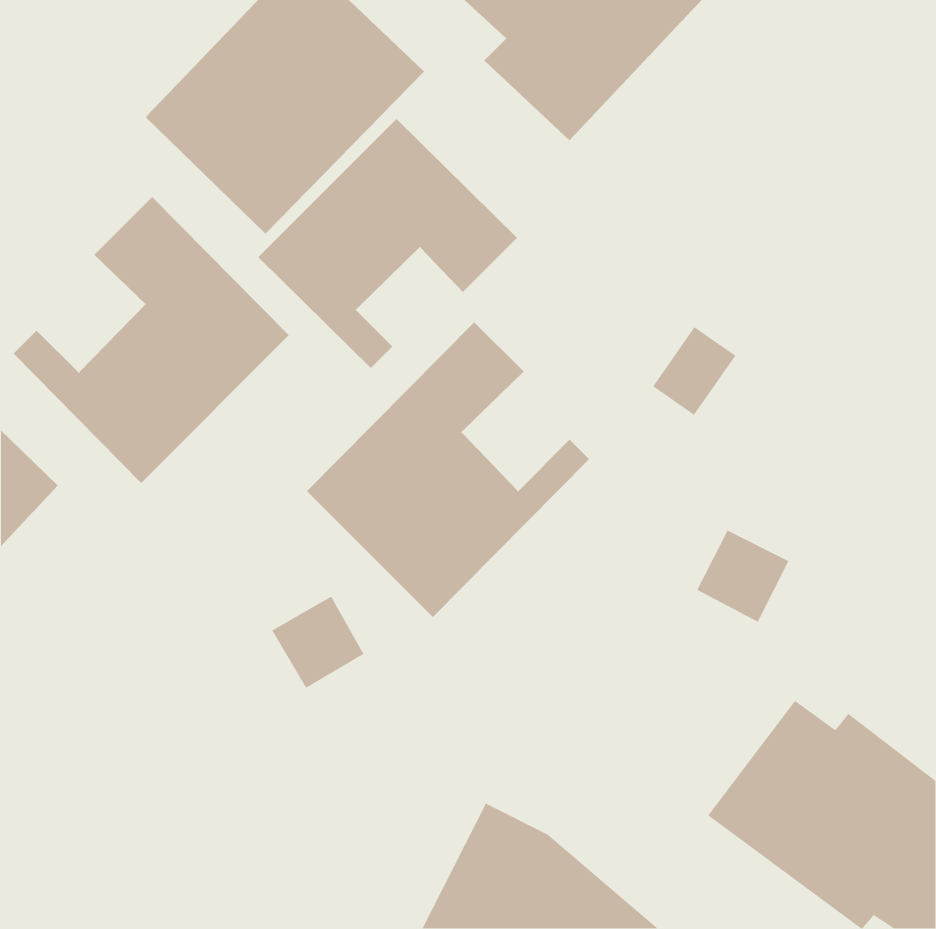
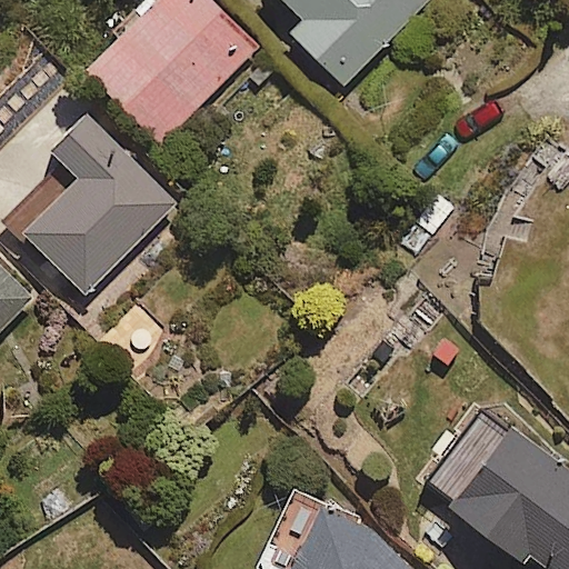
building: [257,118,518,369] -> none
building: [306,321,590,618] -> none

